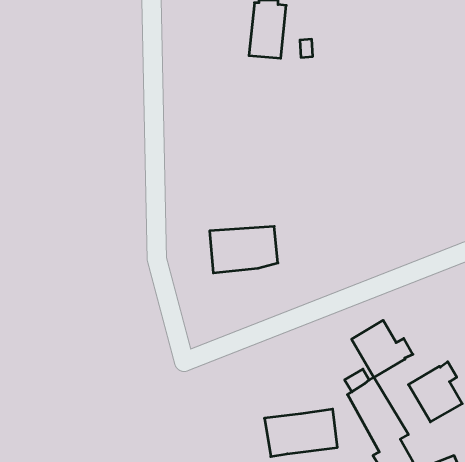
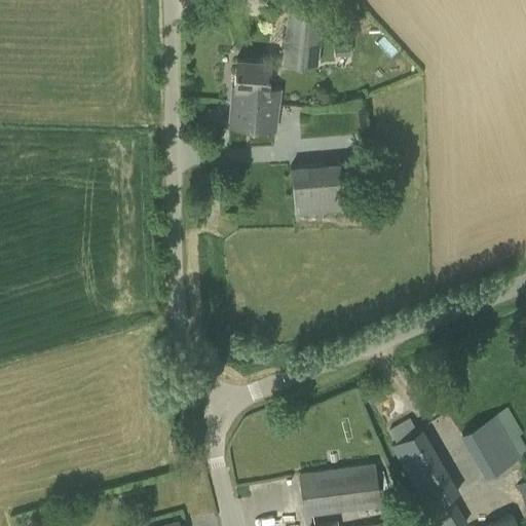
building: none -> [232,62,280,135]
building: [210,226,278,273] -> [291,163,368,216]
building: [352,320,413,377] -> none

